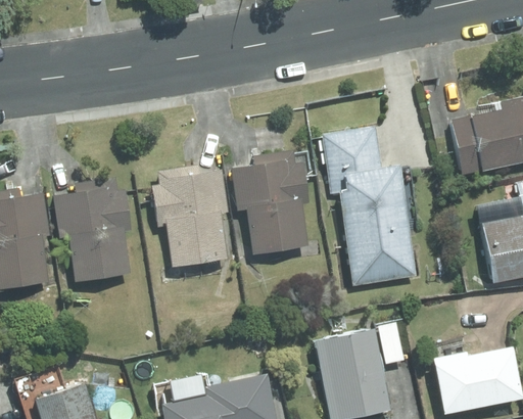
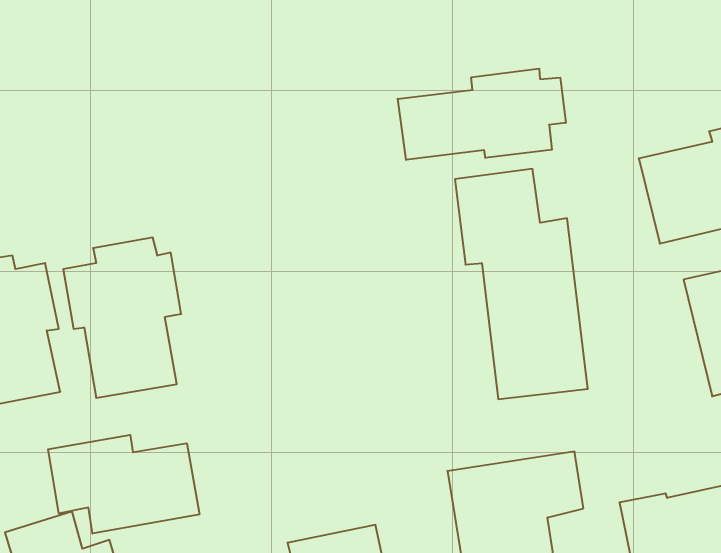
building: none -> [398,69,566,160]
building: [232,151,312,257] -> none
building: [151,165,233,270] -> none
building: none -> [48,435,199,534]

